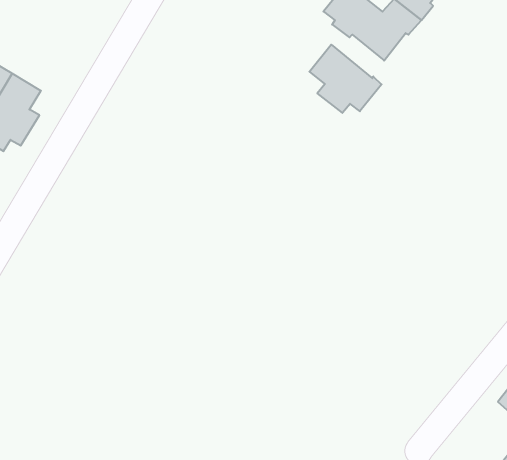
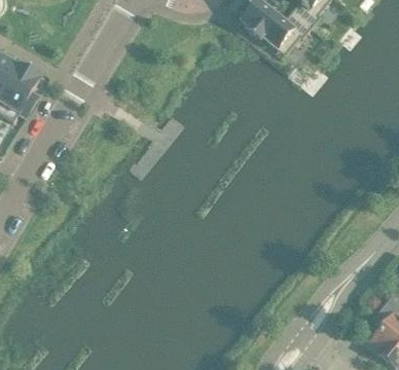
building: [309,45,382,113] -> none

